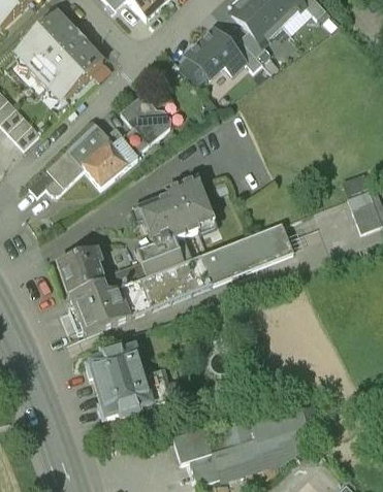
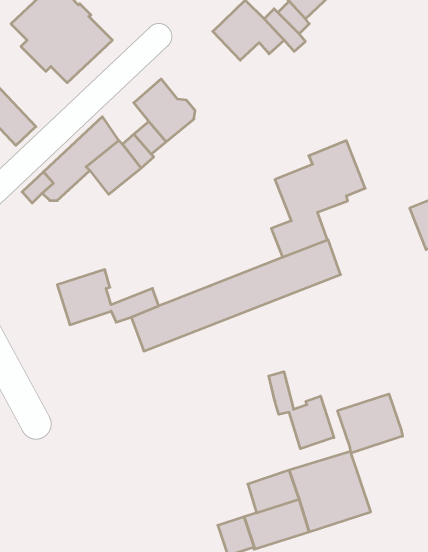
building: [137,182,215,277] -> [271,141,365,257]
building: [68,284,129,335] -> none
building: none -> [269,372,334,449]
building: [86,348,171,421] -> none
building: none -> [338,394,403,453]
building: [172,428,212,463] -> none

